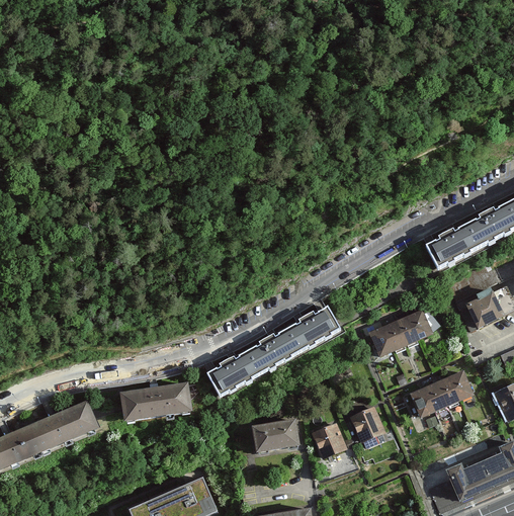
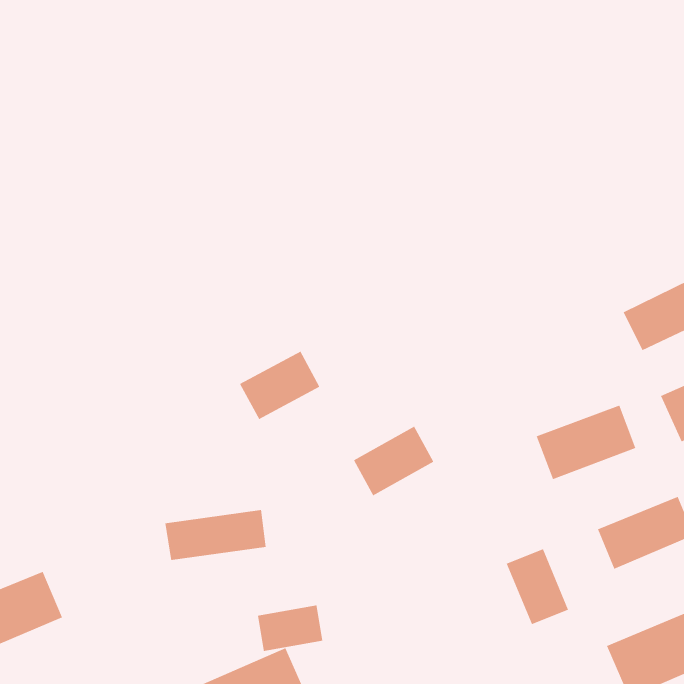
building: [288,303,340,349] -> none
building: [205,348,260,395] -> [239,351,320,420]
building: [37,401,103,454] -> none
building: [252,416,296,447] -> [257,605,323,651]
building: [311,423,350,463] -> none

